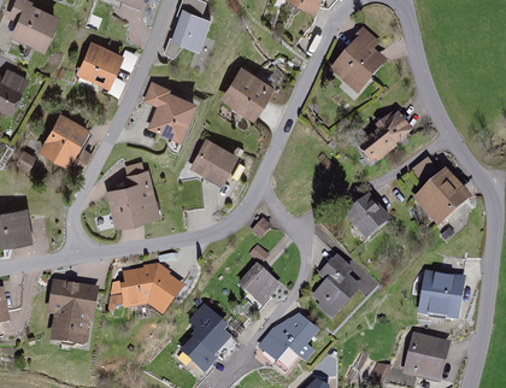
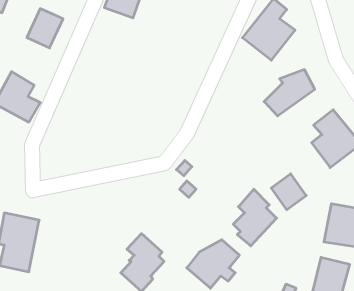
building: [218,67,272,120] -> none
building: [143,83,188,140] -> none
building: [189,139,235,183] -> none
building: [102,169,155,225] -> none
building: [345,198,386,240] -> [271,174,306,210]
building: [120,264,182,318] -> none
building: [245,264,288,307] -> none

